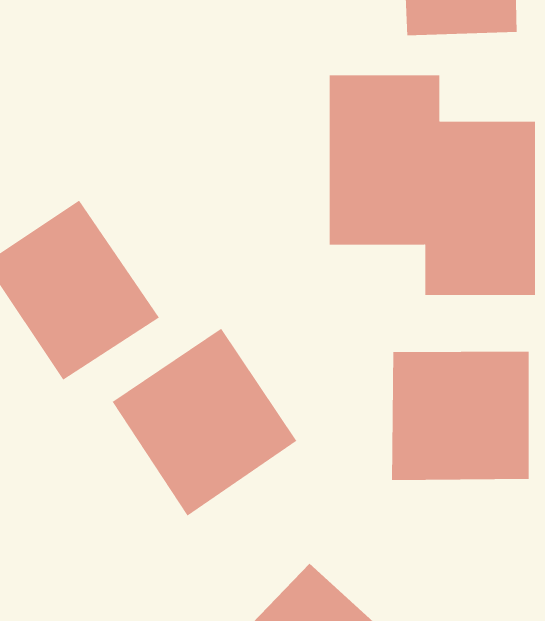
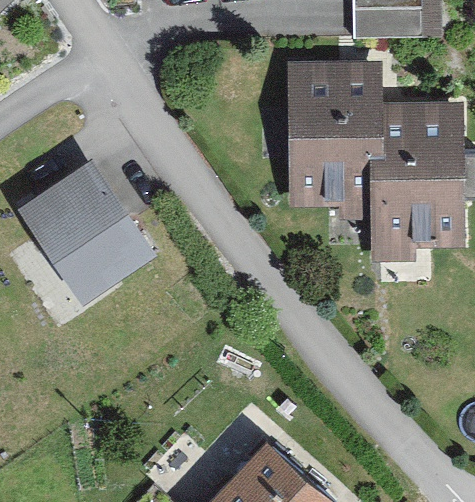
building: [112,328,297,516] -> none
building: [392,351,529,481] -> none

